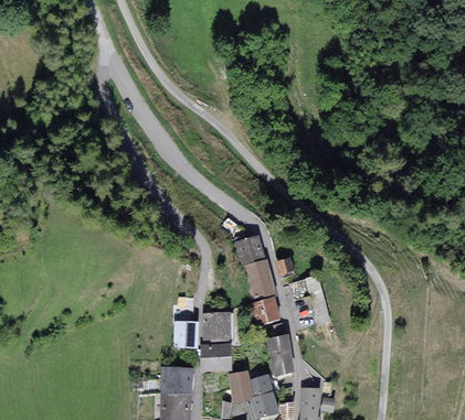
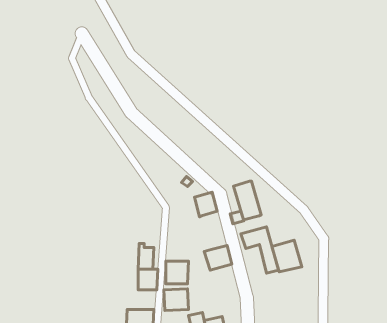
building: [244,258,275,301] -> [234,181,261,220]
building: none -> [272,240,302,272]
building: [267,335,292,374] -> none

